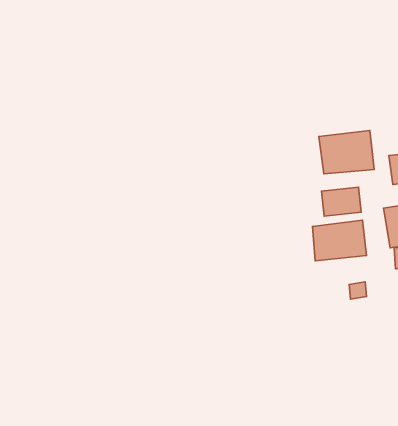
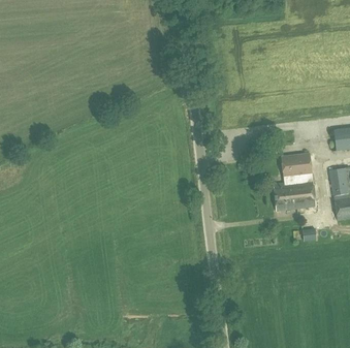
building: [319,131,374,174] -> none

